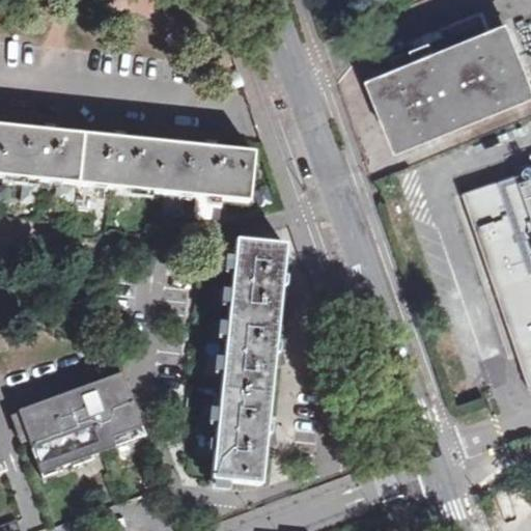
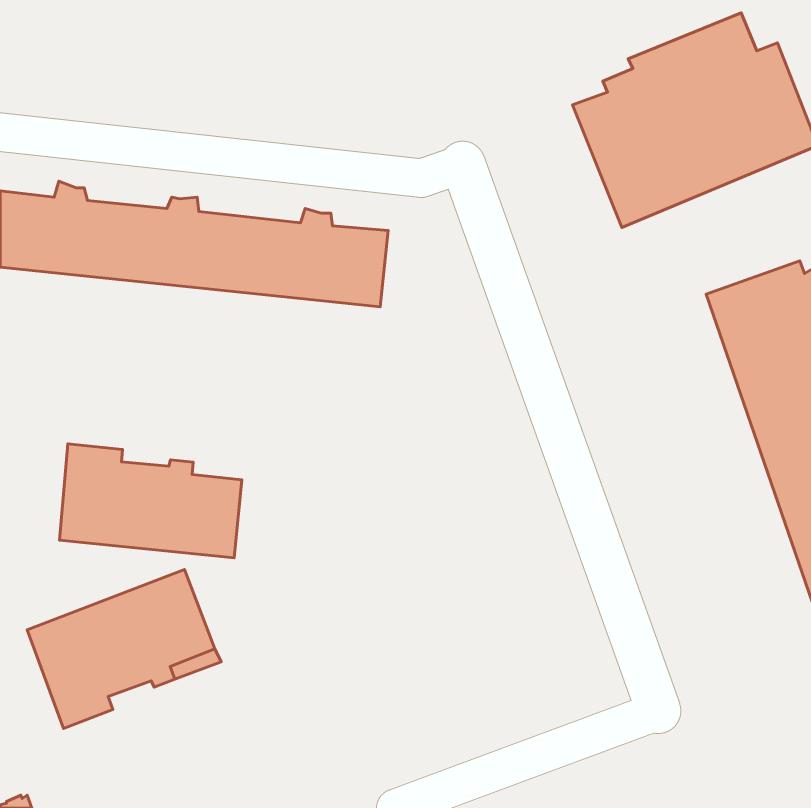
building: [213,239,291,482] -> none
building: none -> [59,444,242,558]

